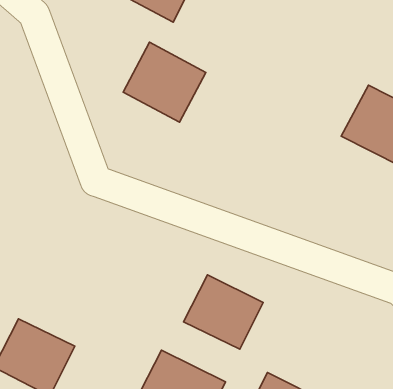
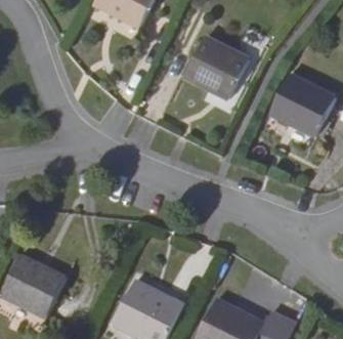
building: [123,42,206,122] -> [183,37,248,99]
building: [183,275,263,349] -> none

